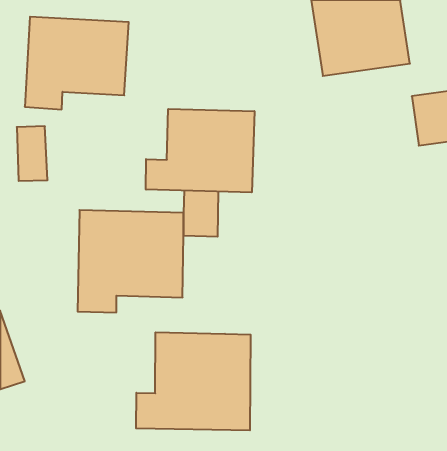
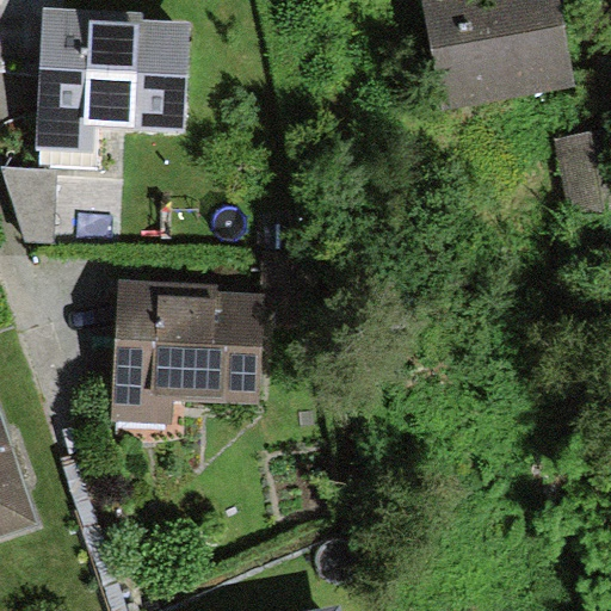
building: [146,109,254,192] -> none
building: [136,332,251,430] -> none

